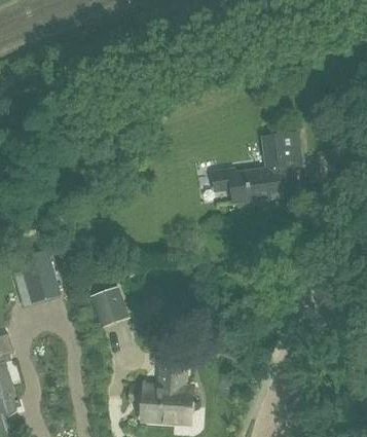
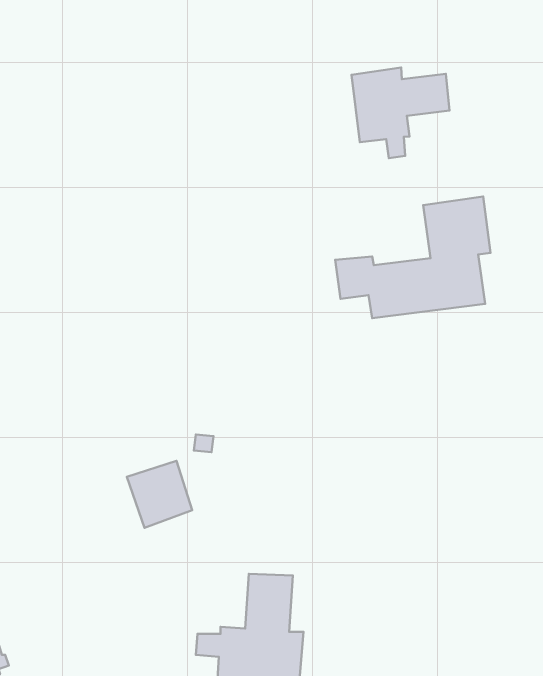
building: none -> [352,68,449,158]
building: [22,262,60,302] -> none

